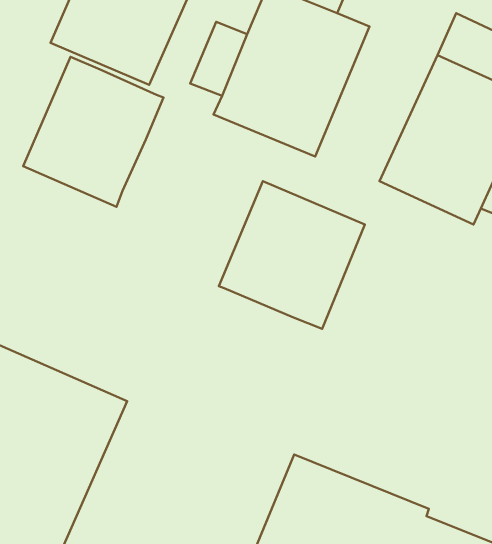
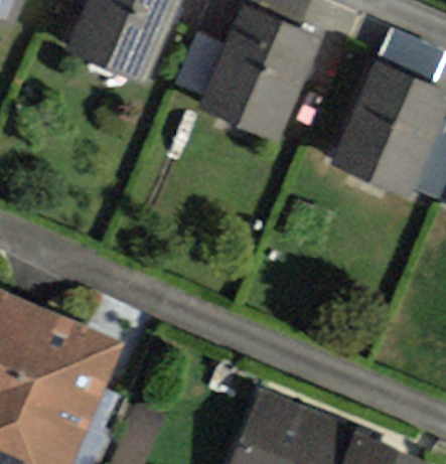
building: [23,57,164,207] -> none
building: [219,181,365,329] -> none

